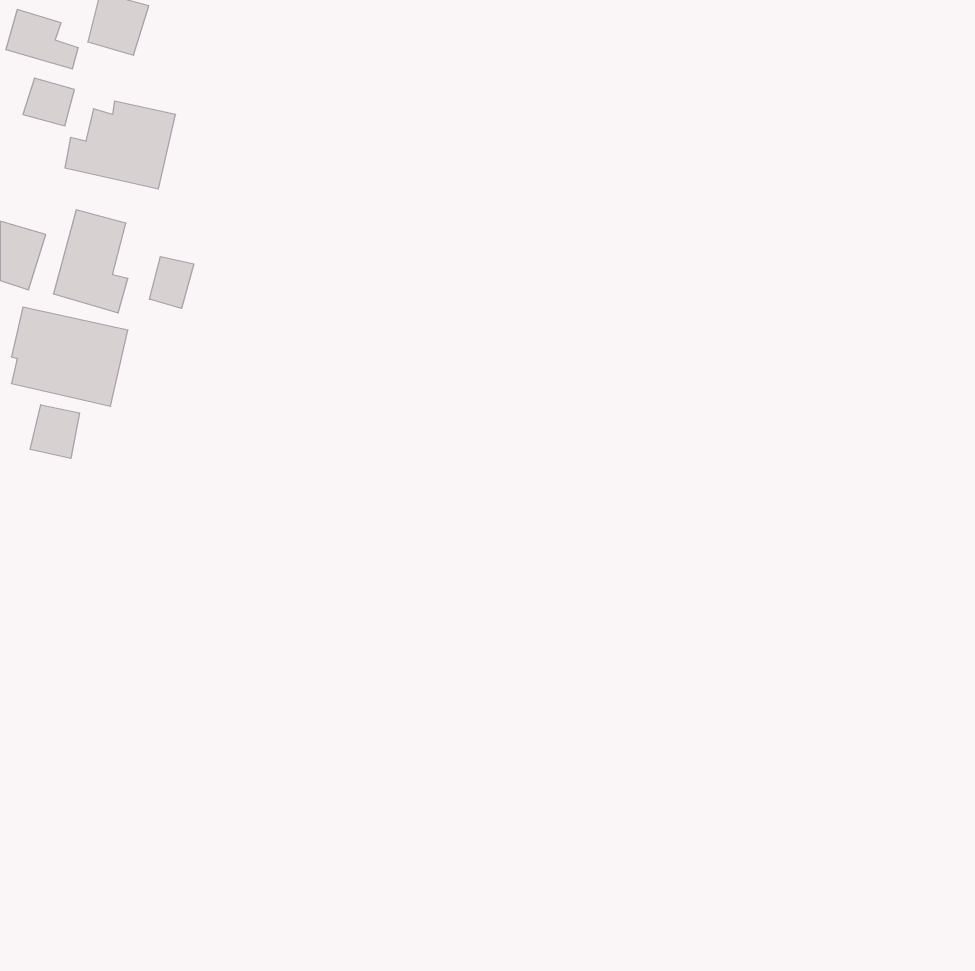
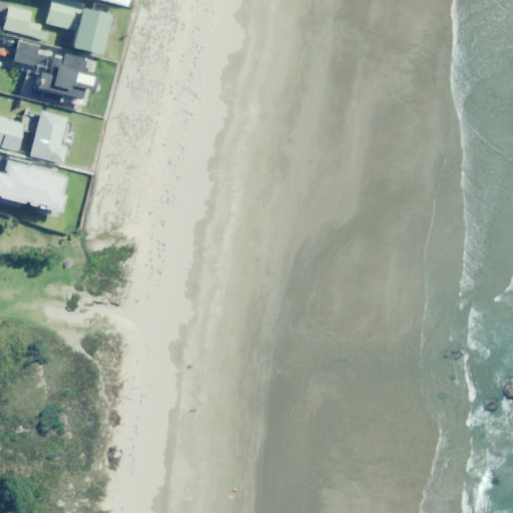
building: none -> [70,8,110,54]
building: [149,257,194,308] -> none
building: [30,405,80,458] -> none

